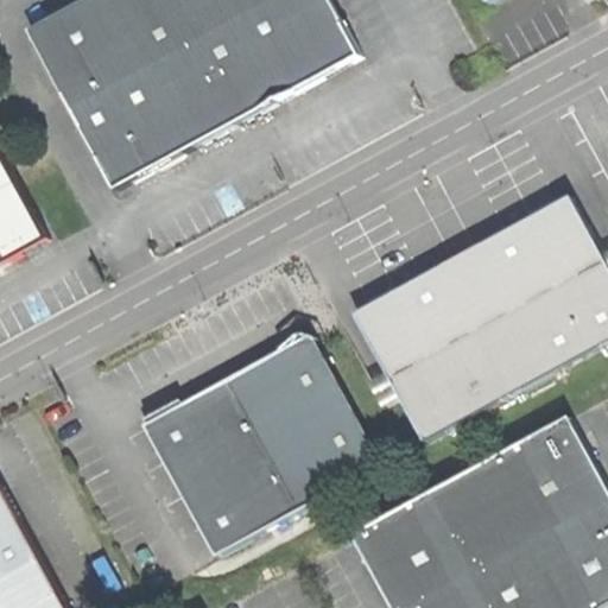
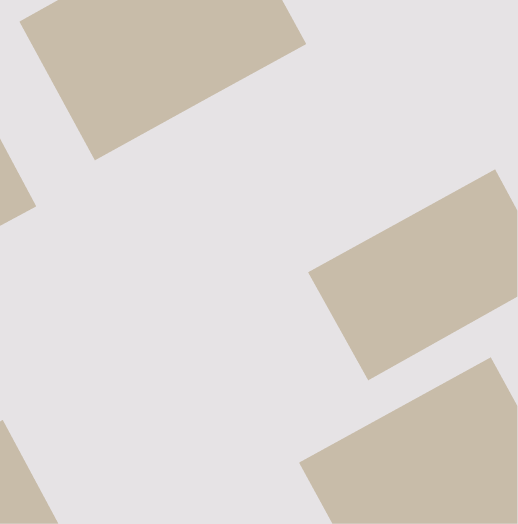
building: [144,334,376,552] -> none

